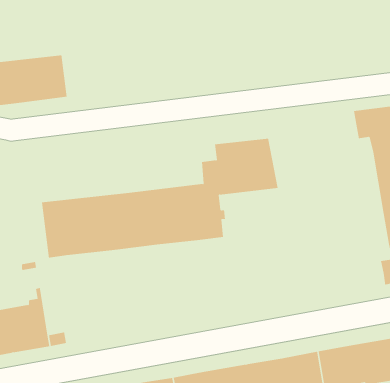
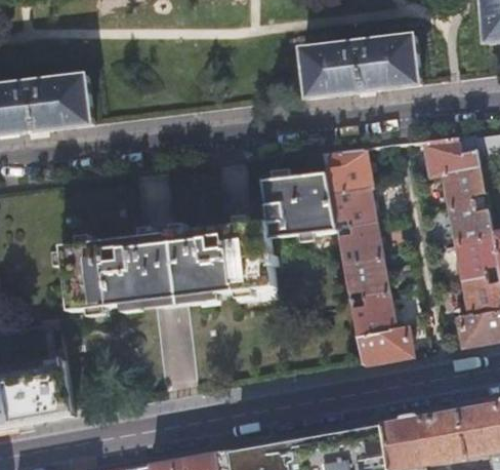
building: none -> [301,35,420,99]
building: none -> [324,148,410,363]

